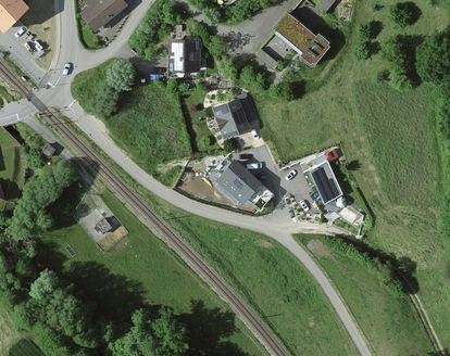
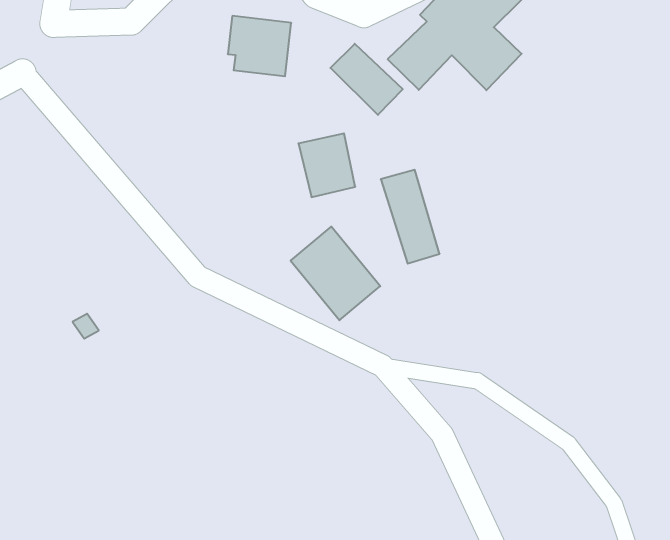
building: none -> [330,44,403,115]
building: [311,157,349,211] -> [381,170,440,264]

